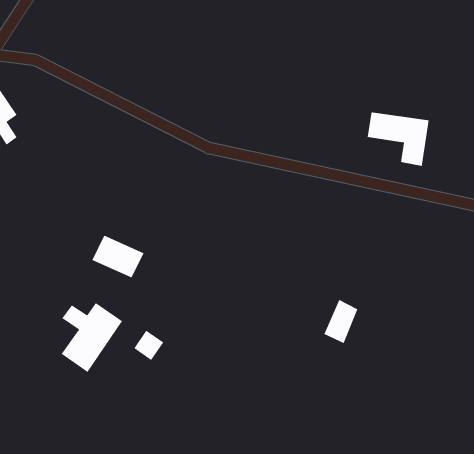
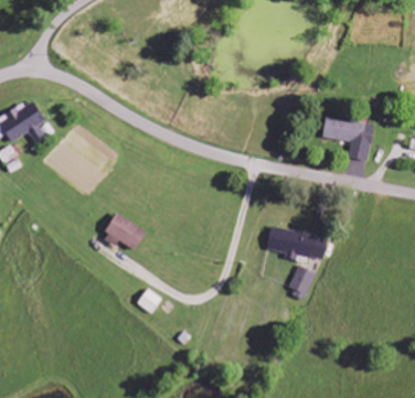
building: none -> [266,226,327,260]
building: [61,302,123,373] -> none

